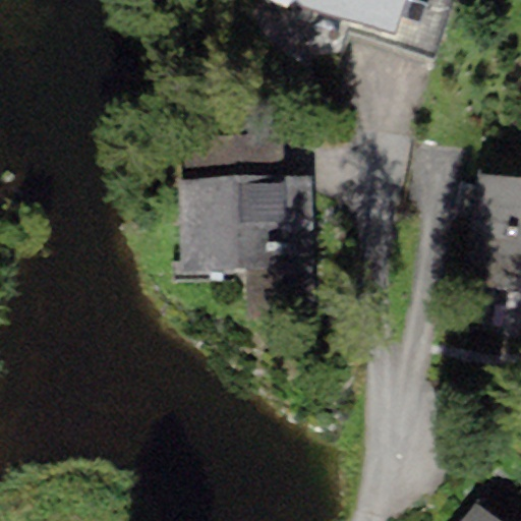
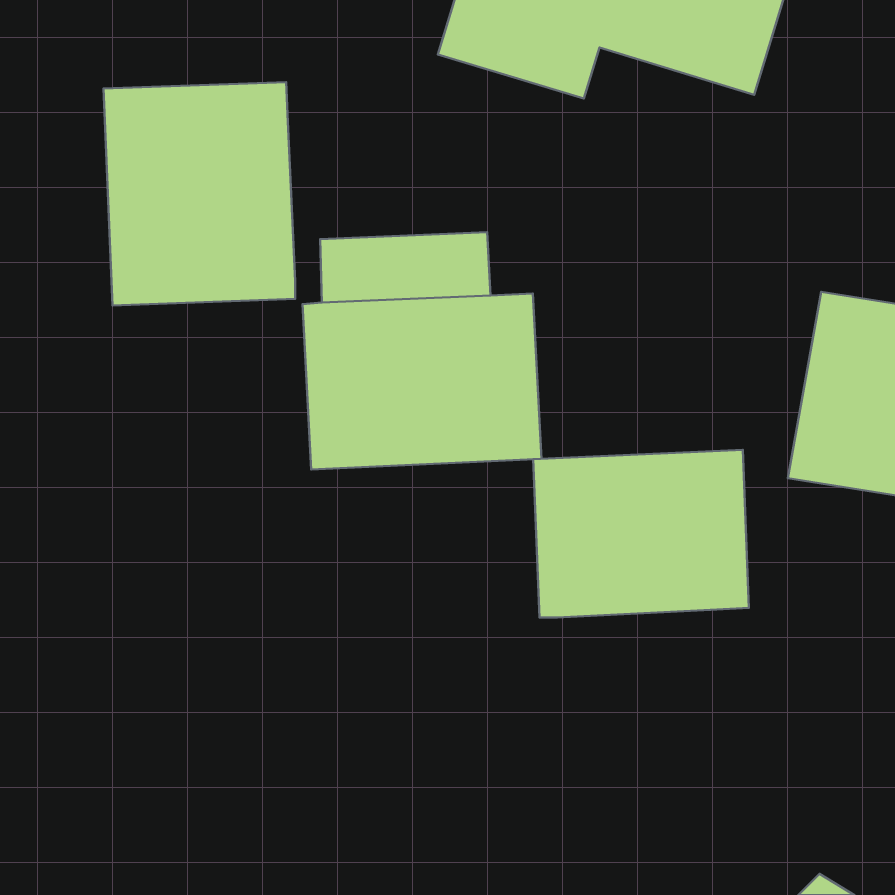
building: none -> [104,82,295,305]
building: none -> [533,450,749,617]

